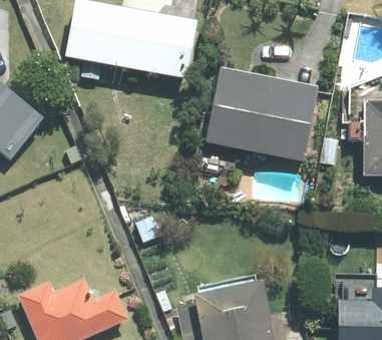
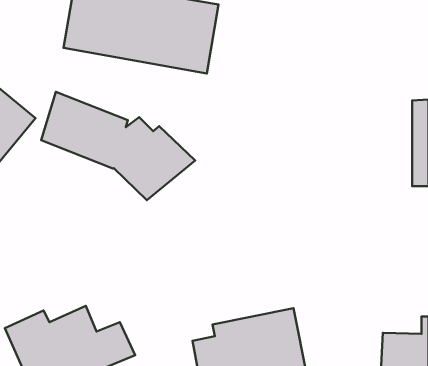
building: [206,68,318,158] -> none
building: none -> [41,92,195,200]

